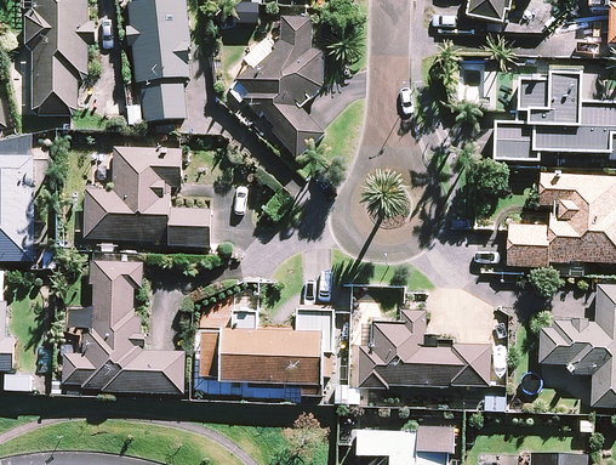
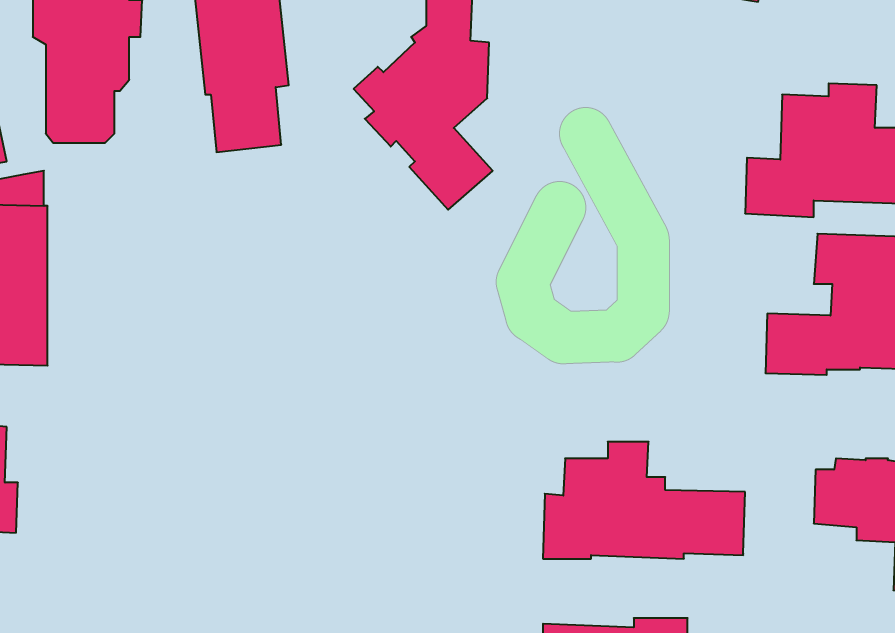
building: [84,146,210,245] -> none
building: [63,259,184,392] -> none
building: [200,307,333,395] -> none

